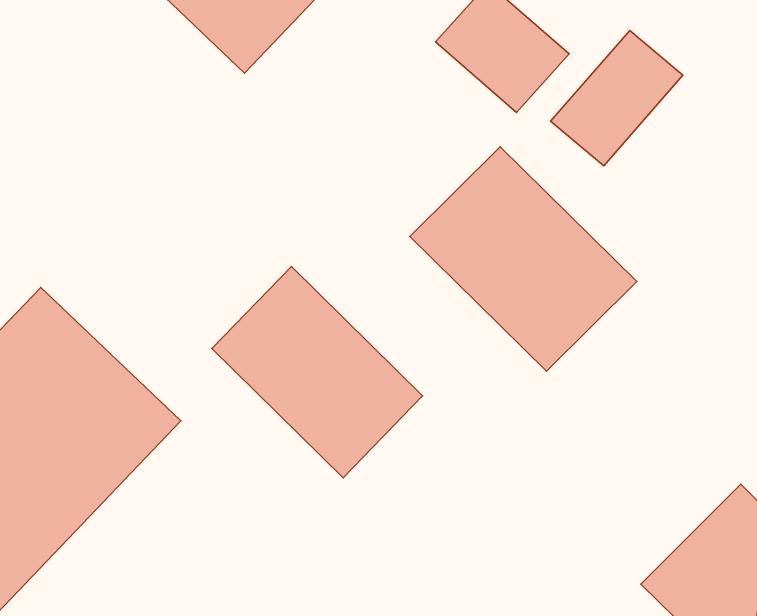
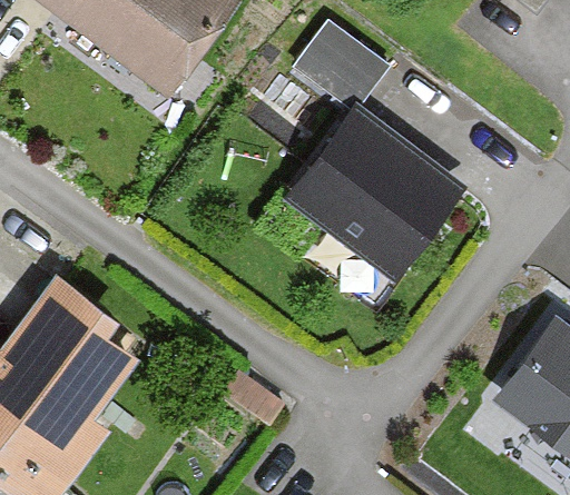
building: [551,30,683,166] -> none
building: [212,266,423,478] -> none

